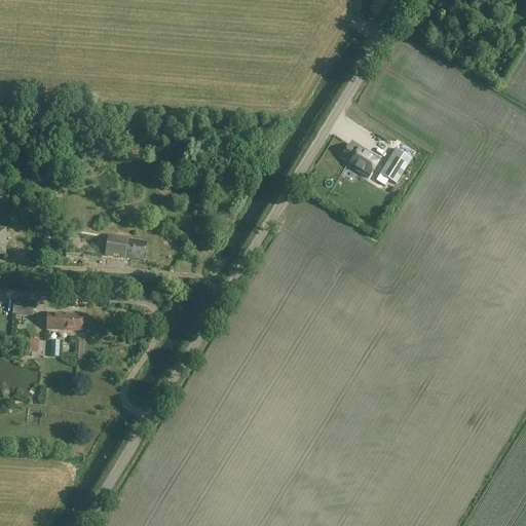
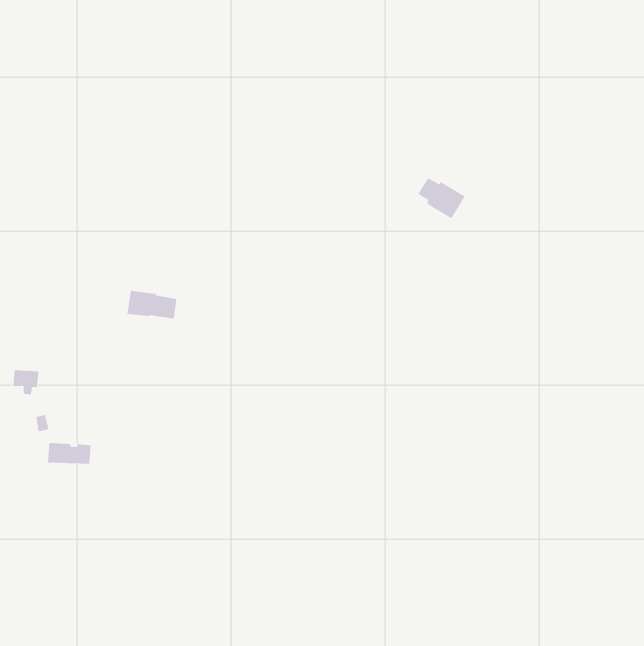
building: [379,148,411,183] -> none
building: [44,312,80,330] -> [47,443,92,464]

